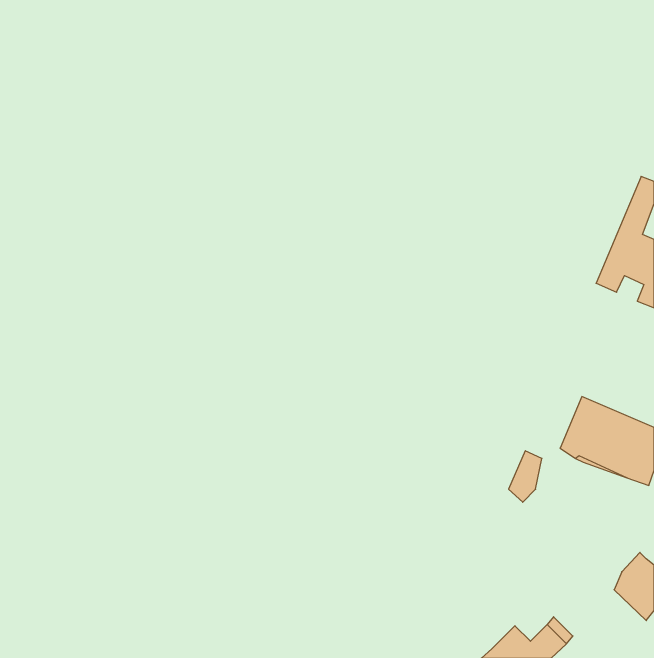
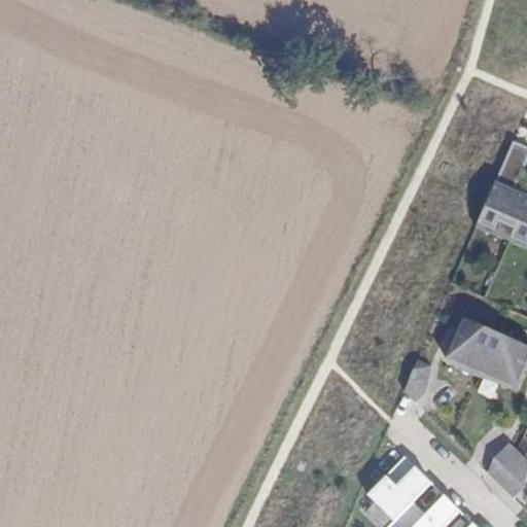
building: none -> [365,455,429,519]

